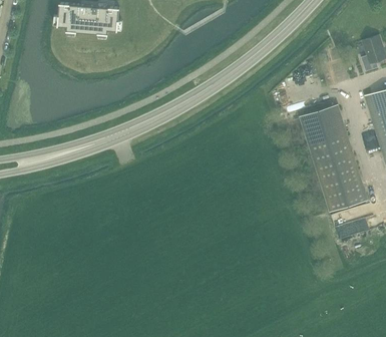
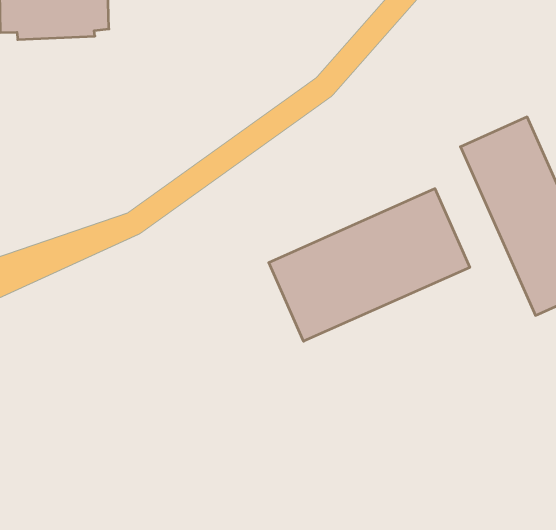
building: none -> [269,189,470,341]

